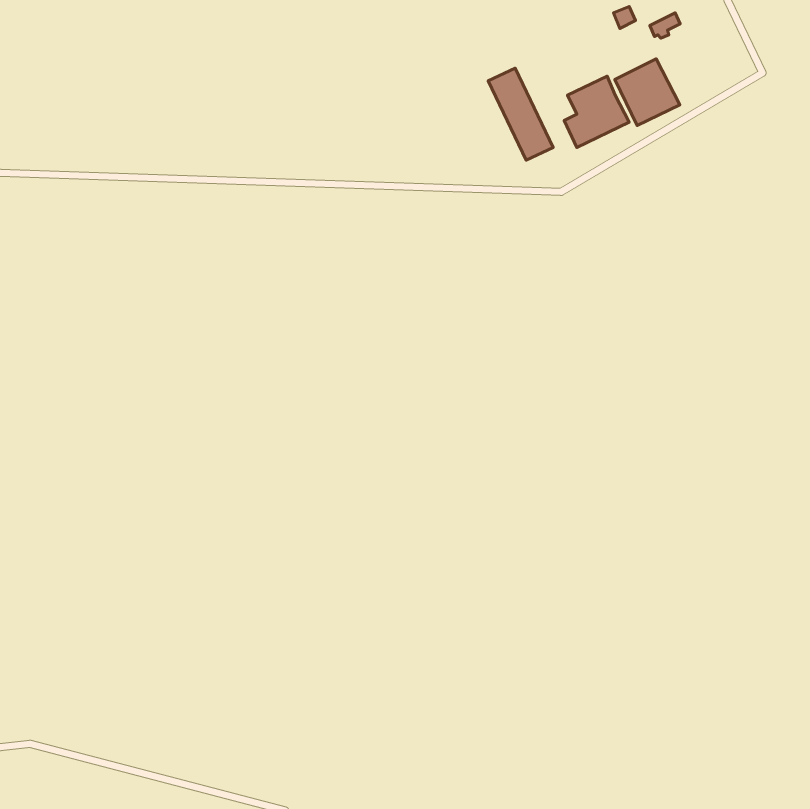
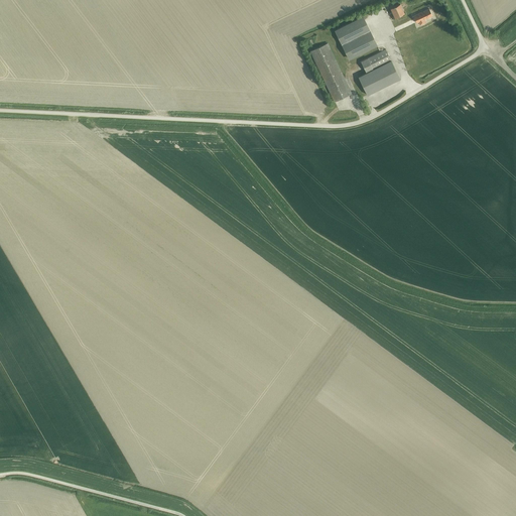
building: [615,59,680,125] -> [336,17,377,59]

